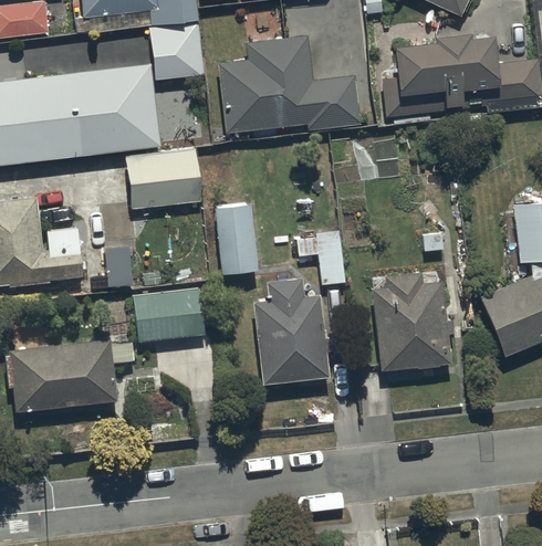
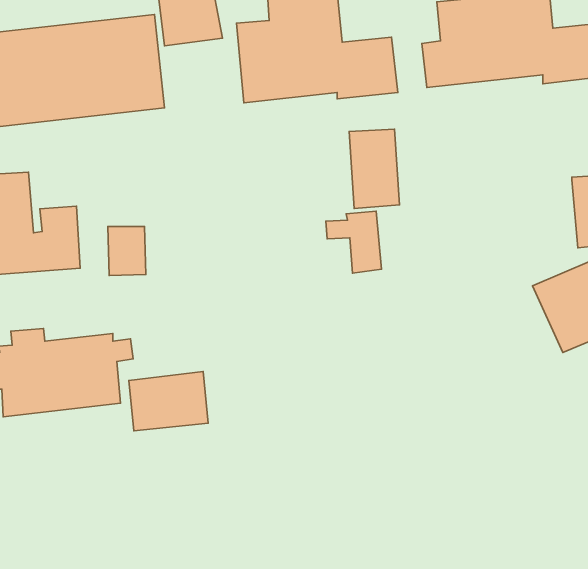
building: [122,147,197,207] -> none
building: [213,203,258,273] -> [349,129,400,209]
building: [373,272,454,369] -> none
building: [253,277,333,384] -> none
building: [134,287,204,339] -> [129,372,208,431]

